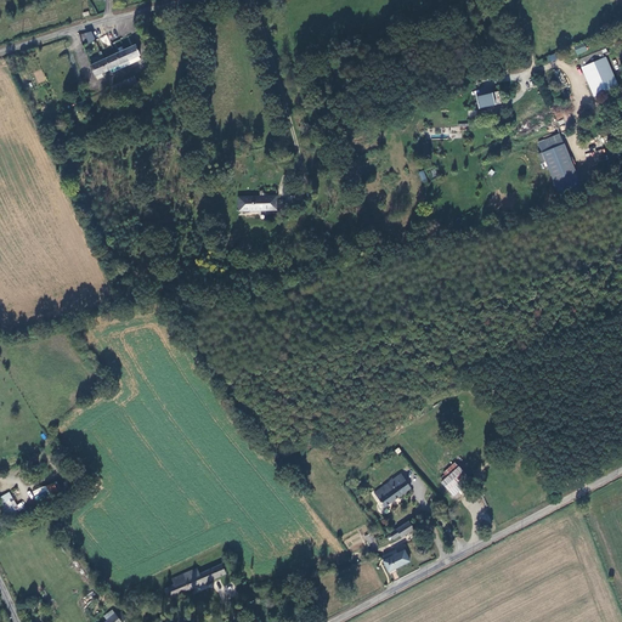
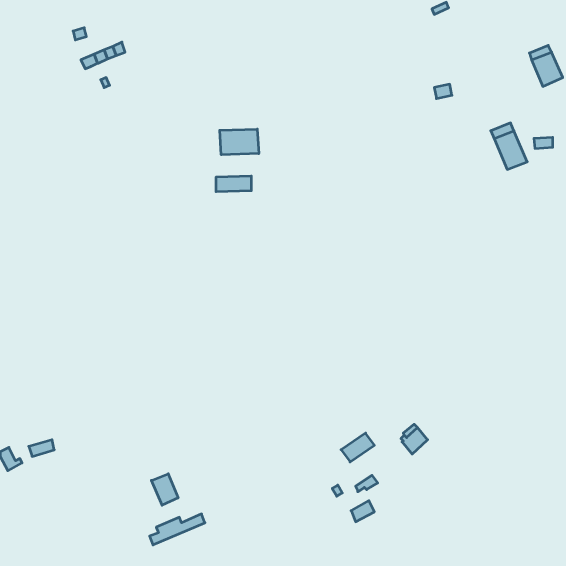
building: none -> [220,129,259,155]
building: none -> [151,474,178,505]

